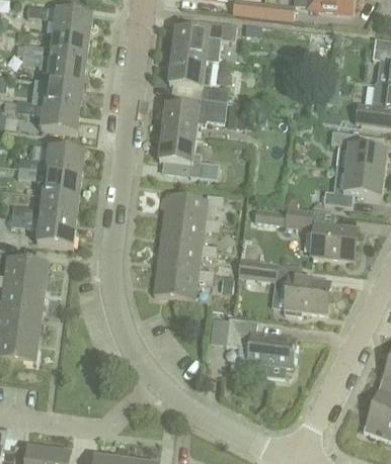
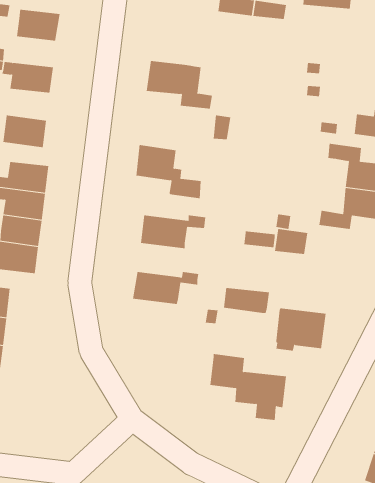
building: [172,23,236,63] -> none
building: [50,35,88,63] -> none
building: [44,82,83,110] -> none
building: [162,97,226,136] -> none
building: [160,219,219,250] -> none
building: [310,222,357,260] -> none
building: [153,269,213,299] -> none

